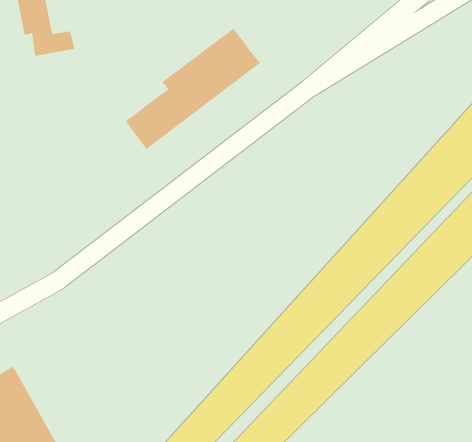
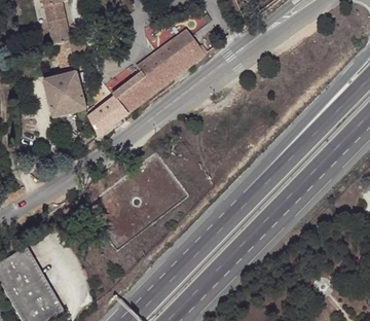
building: none -> [41,69,83,114]
building: none -> [85,94,125,133]

